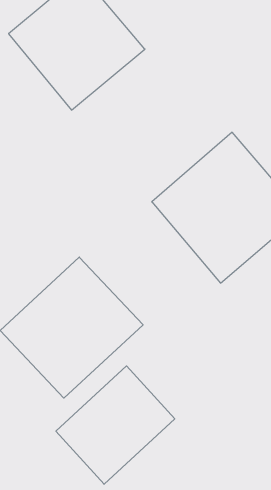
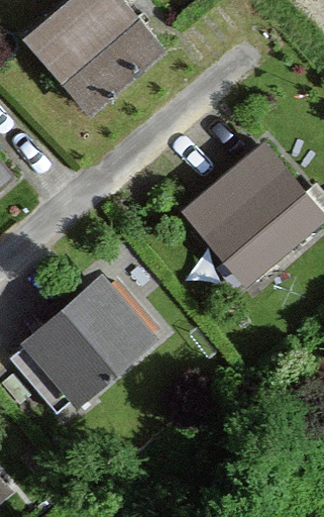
building: [56,366,175,484] -> none

